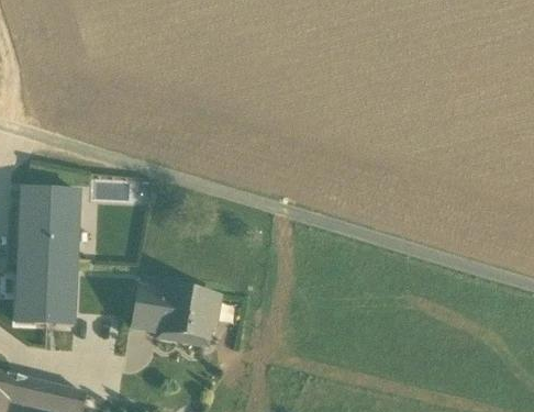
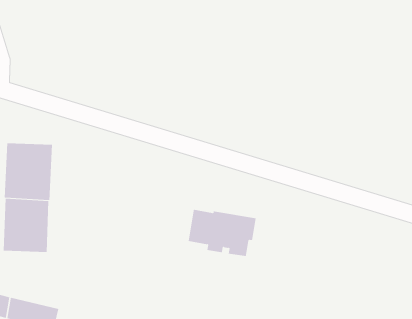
building: [133,288,218,346] -> [188,209,256,256]

